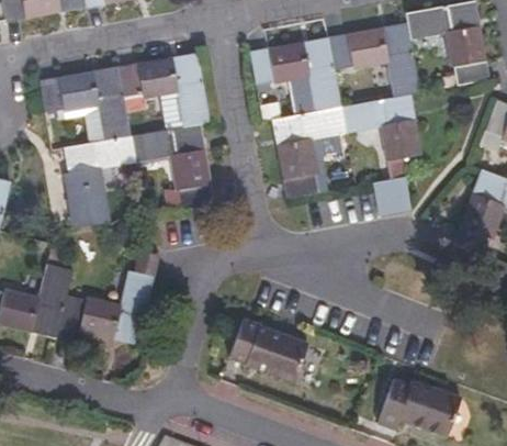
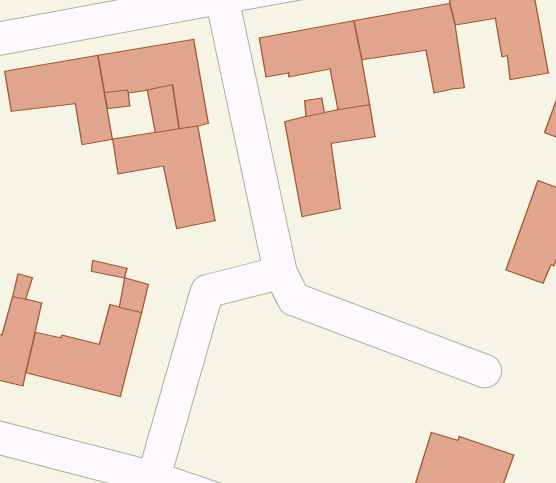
building: [342,93,420,216] -> none
building: [63,135,135,227] -> none
building: [229,319,311,383] -> none

